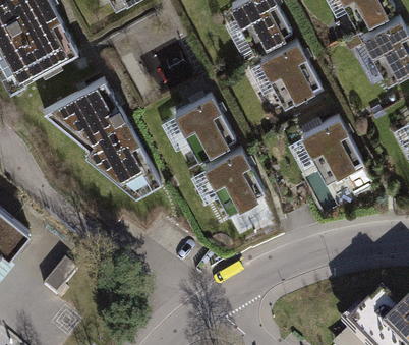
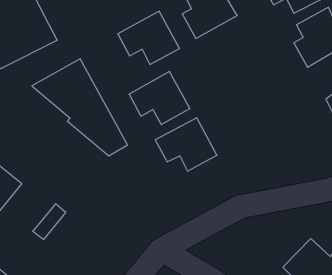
building: [246,39,320,103] -> [118,11,180,64]
building: [289,114,362,178] -> none

